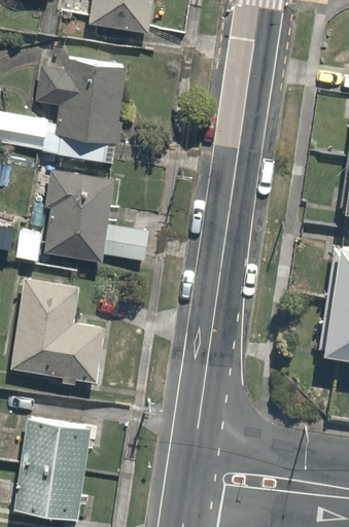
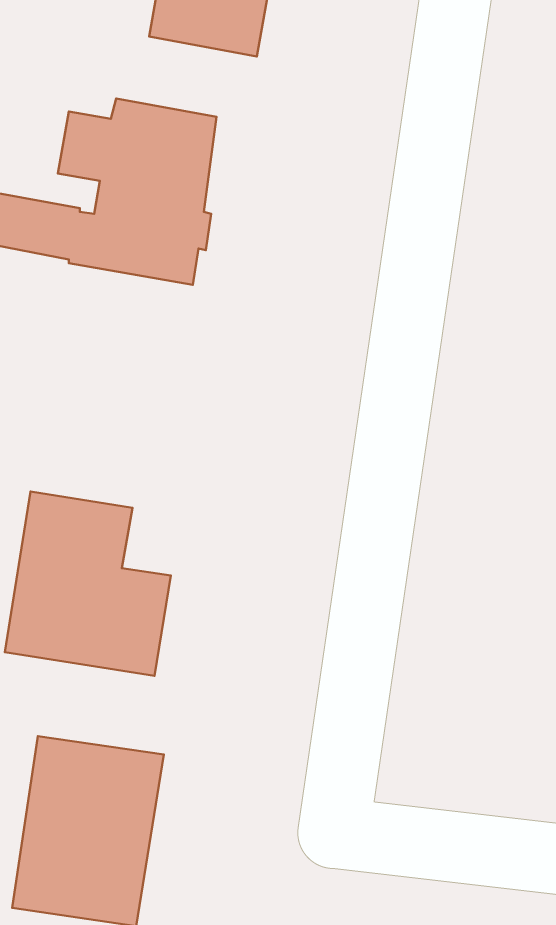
building: [44,169,148,262] -> none

